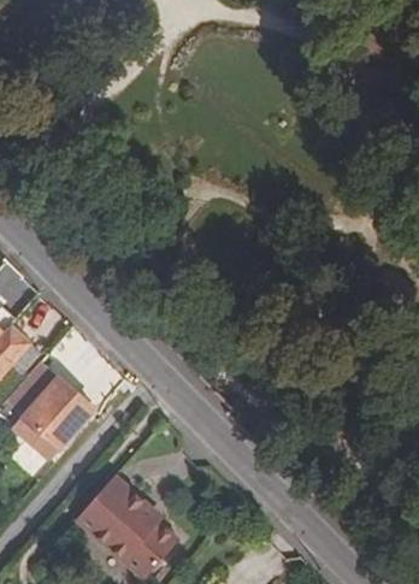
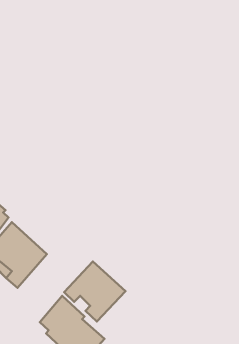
building: none -> [64,262,125,322]

